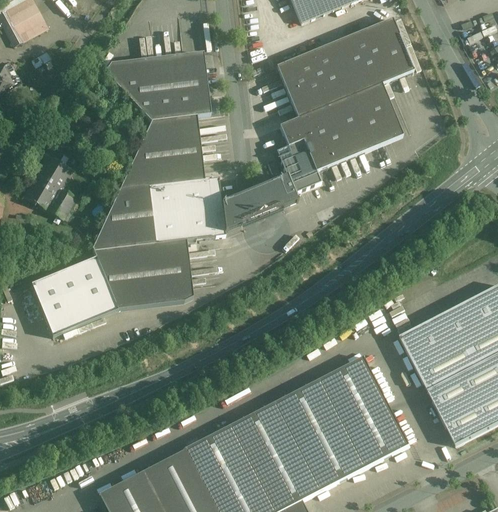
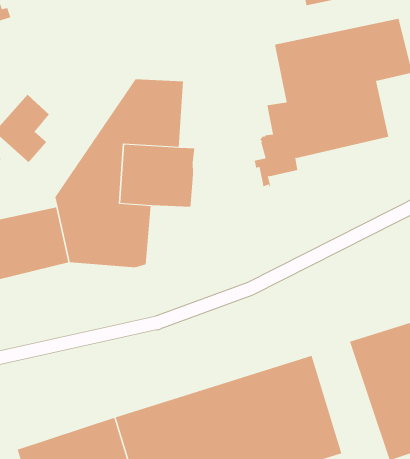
building: [105,53,211,121] -> none
building: [222,179,290,231] -> none

